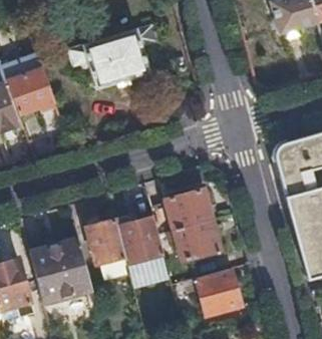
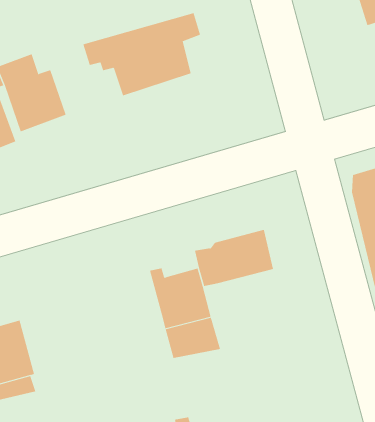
building: [171,218,222,260] -> none
building: [88,219,129,263] -> none
building: [32,241,95,305] -> none
building: [194,267,242,312] -> none

